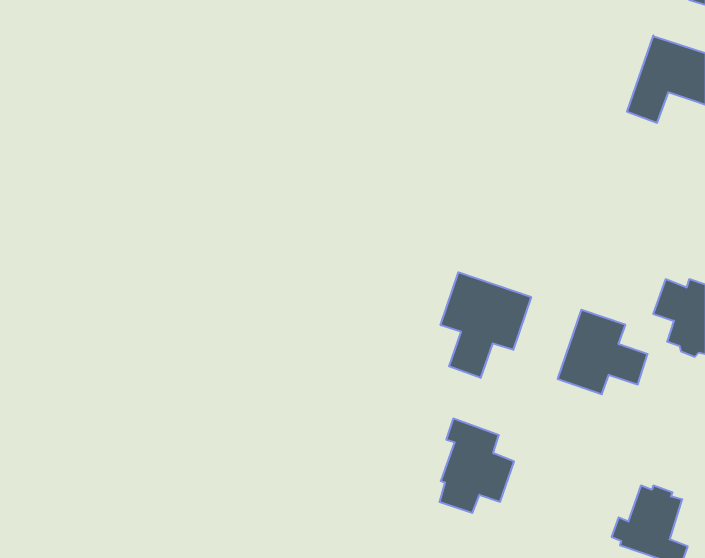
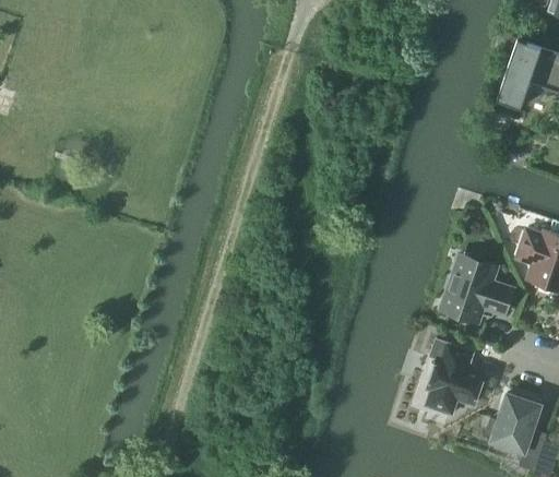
building: [441,272,531,378] -> none
building: [439,419,514,513] -> [425,339,484,414]

